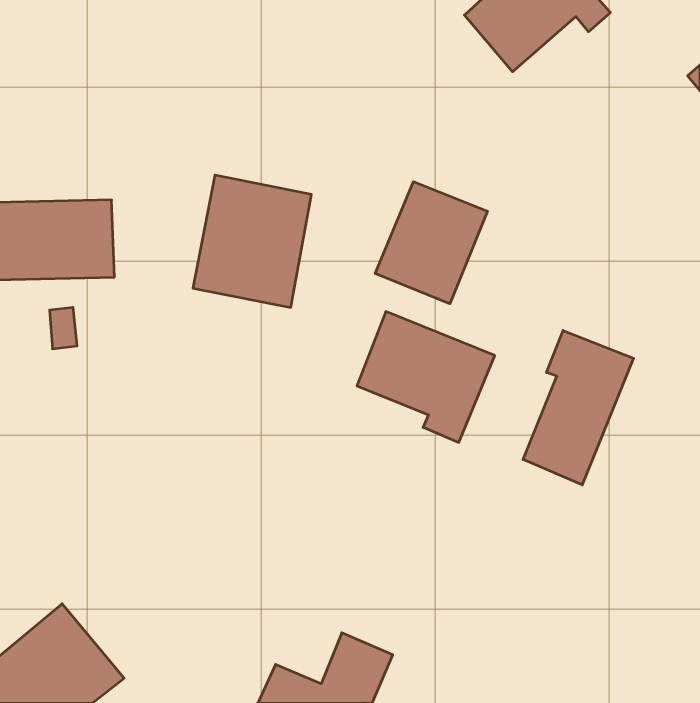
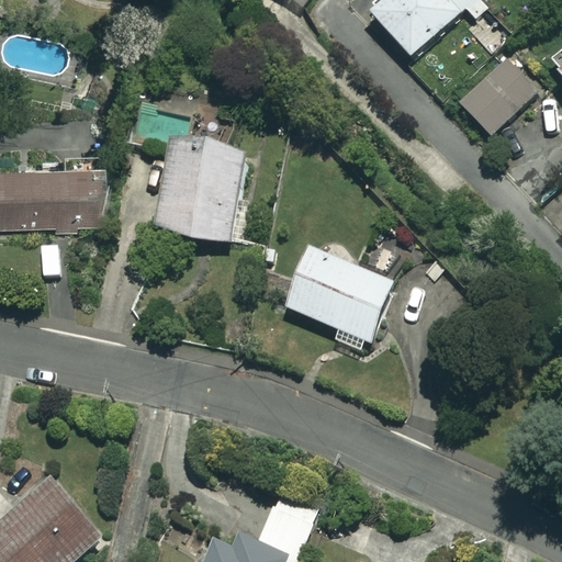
building: none -> [458,59,536,136]
building: [375,182,487,304] -> none
building: [523,330,634,485] -> none

